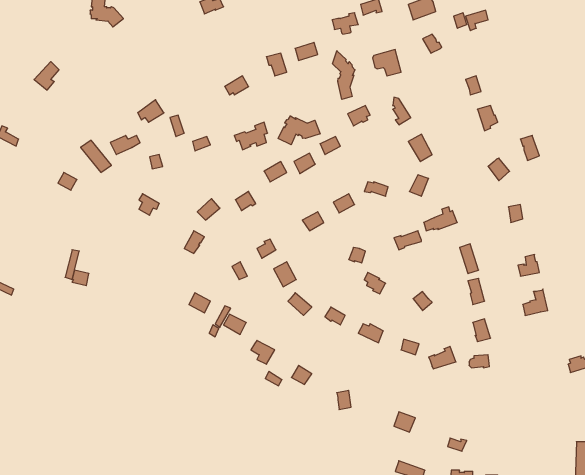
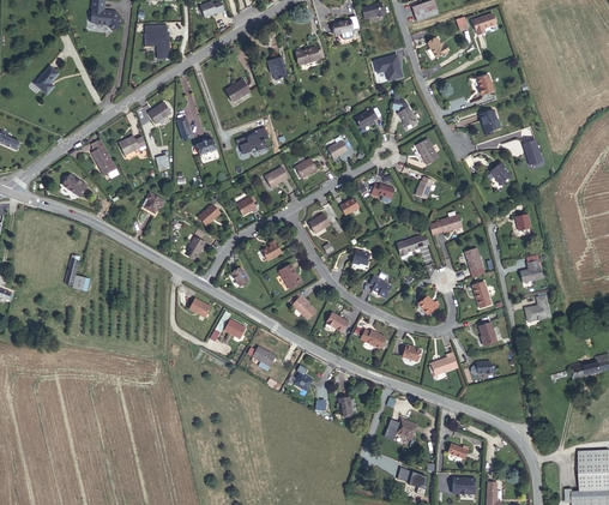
building: none -> [145,24,171,58]
building: [333,51,355,99] -> none
building: [278,116,320,145] -> none

